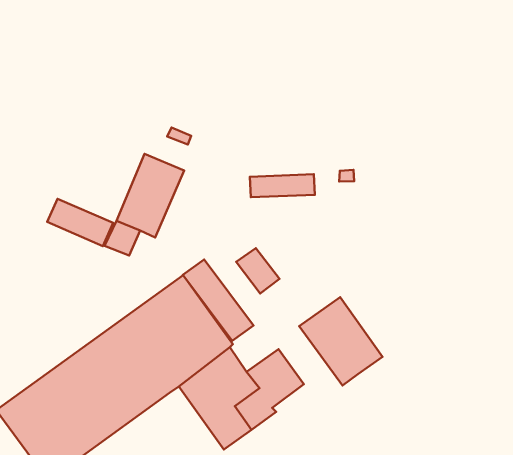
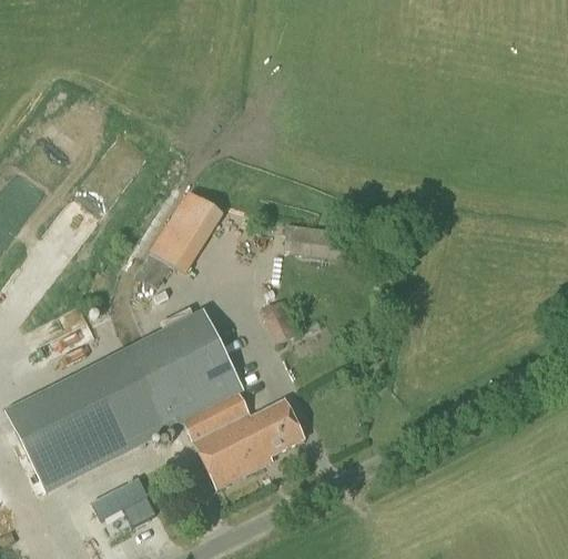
building: [47,199,113,246] -> none
building: [183,259,254,341] -> none
building: [299,297,382,386] -> none

